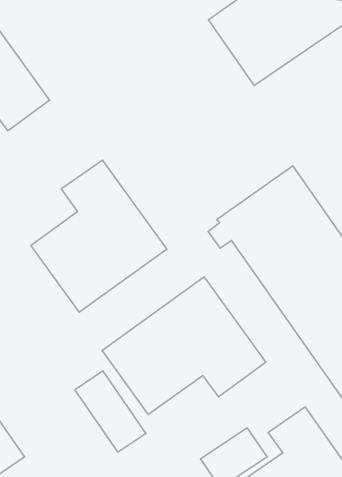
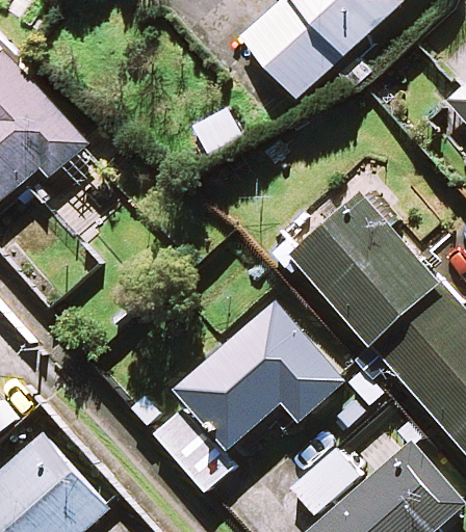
building: [31,160,167,312] -> none

